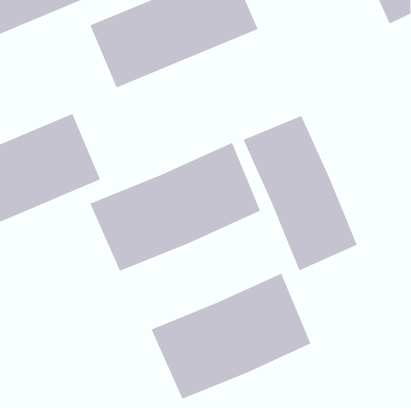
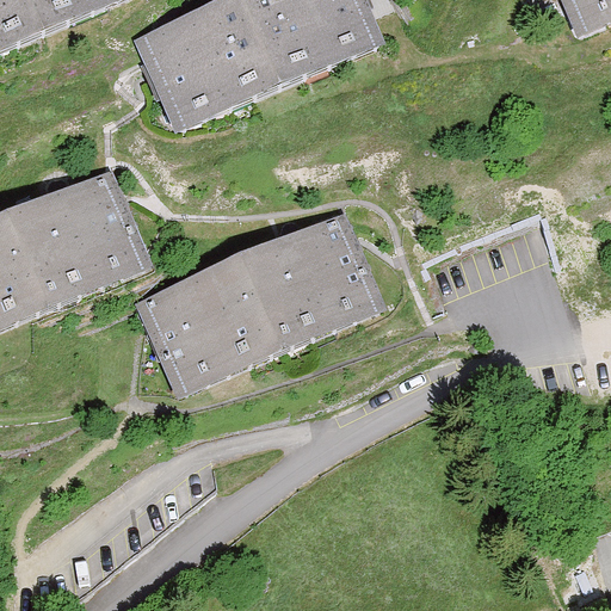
building: [243,115,357,271] -> none
building: [151,273,311,400] -> none

